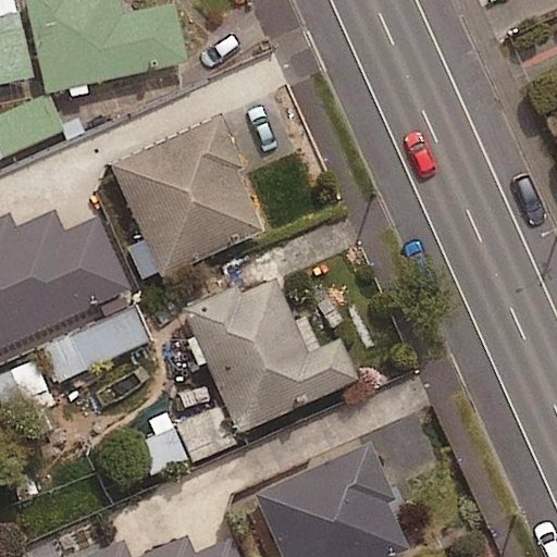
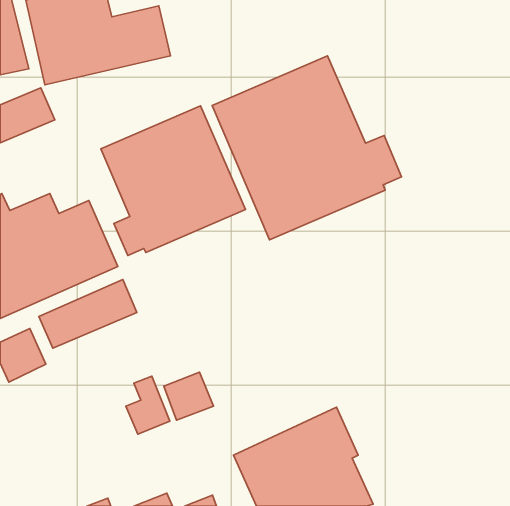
building: none -> [212,56,402,240]
building: [184,277,357,432] -> none

